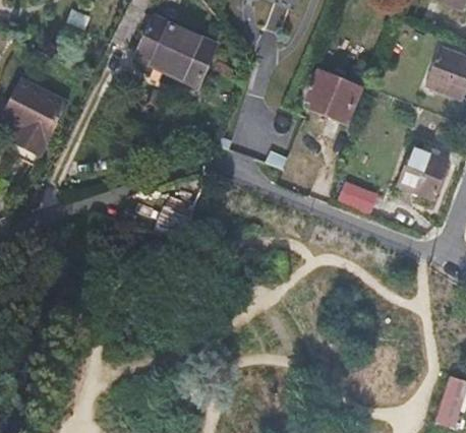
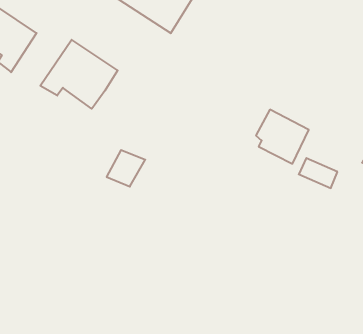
building: [309,71,359,120] -> [256,110,309,164]
building: none -> [40,40,118,109]

